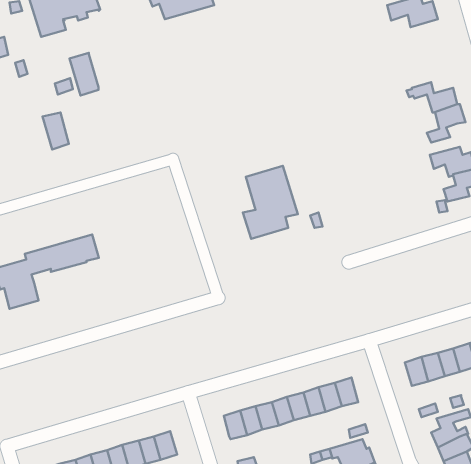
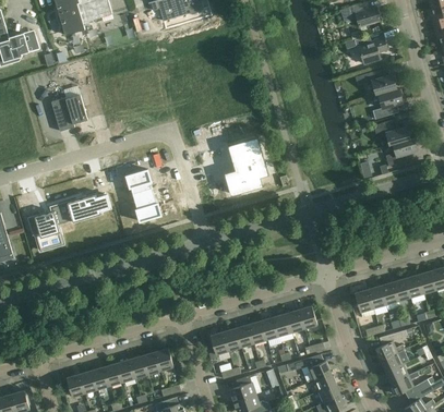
building: none -> [355,35,387,63]
building: [70,53,98,95] -> [51,97,74,131]
building: none -> [127,169,161,221]

